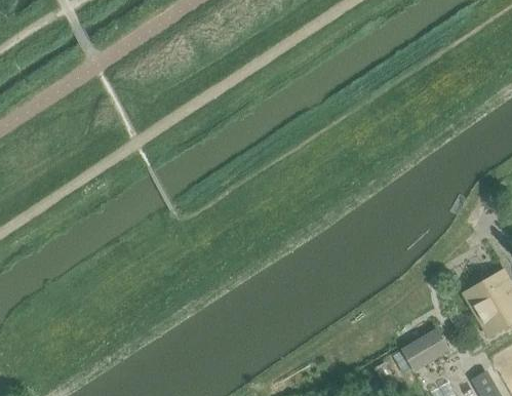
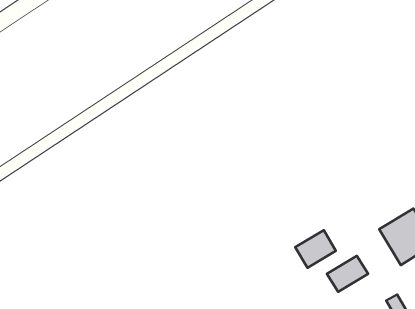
building: none -> [295,230,336,268]

